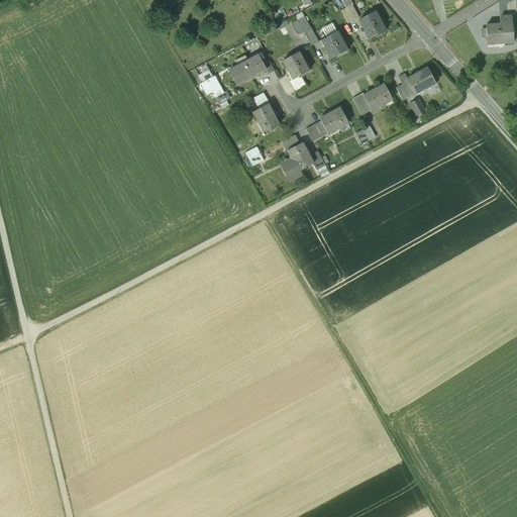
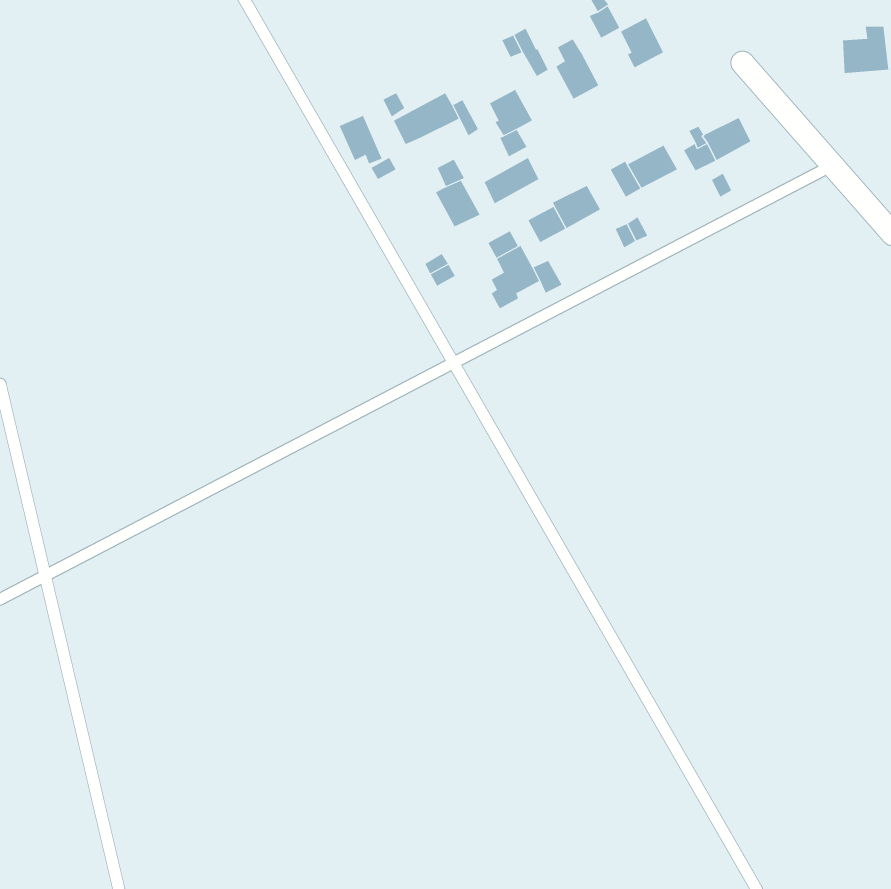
building: none -> [484,157,539,204]

